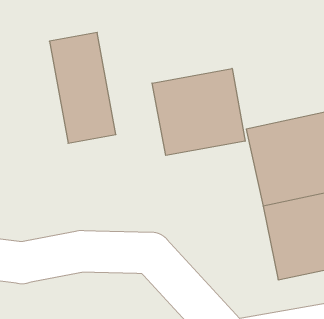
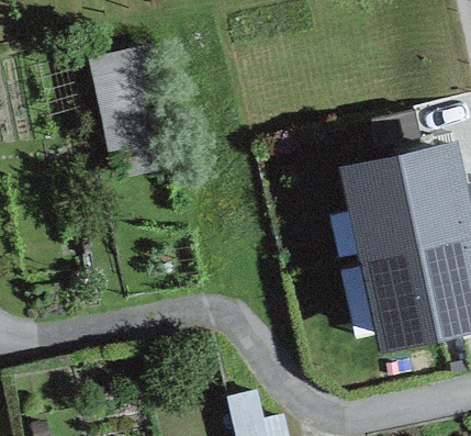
building: [152,68,245,155] -> none

